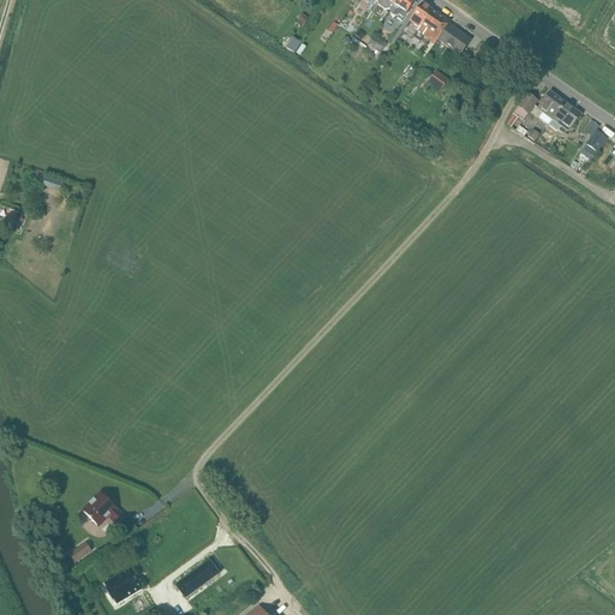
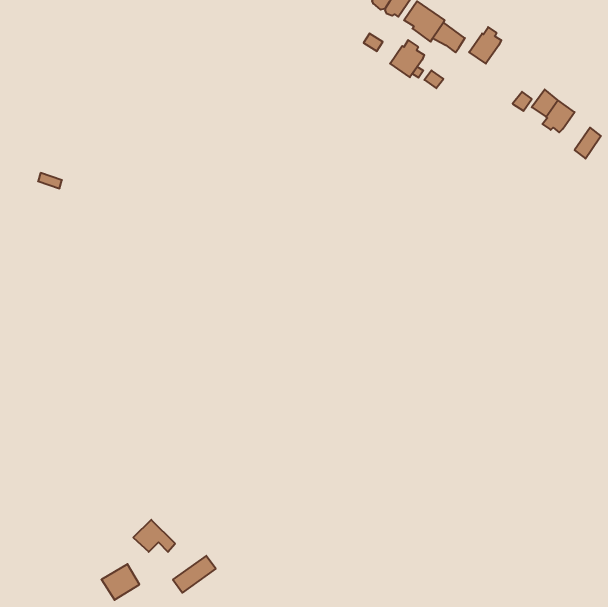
building: none -> [469,27,501,64]
building: none -> [390,40,424,77]
building: [82,492,124,525] -> [133,520,175,552]

